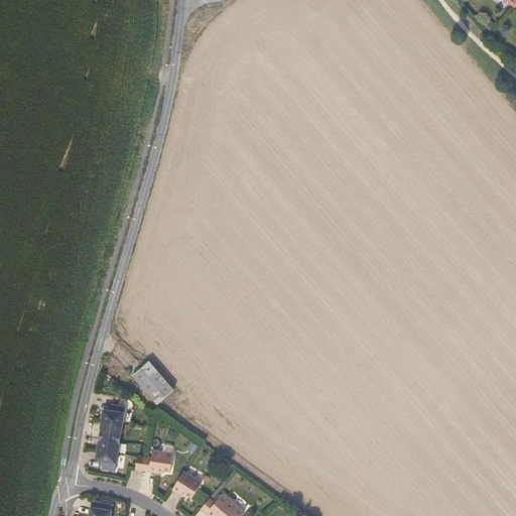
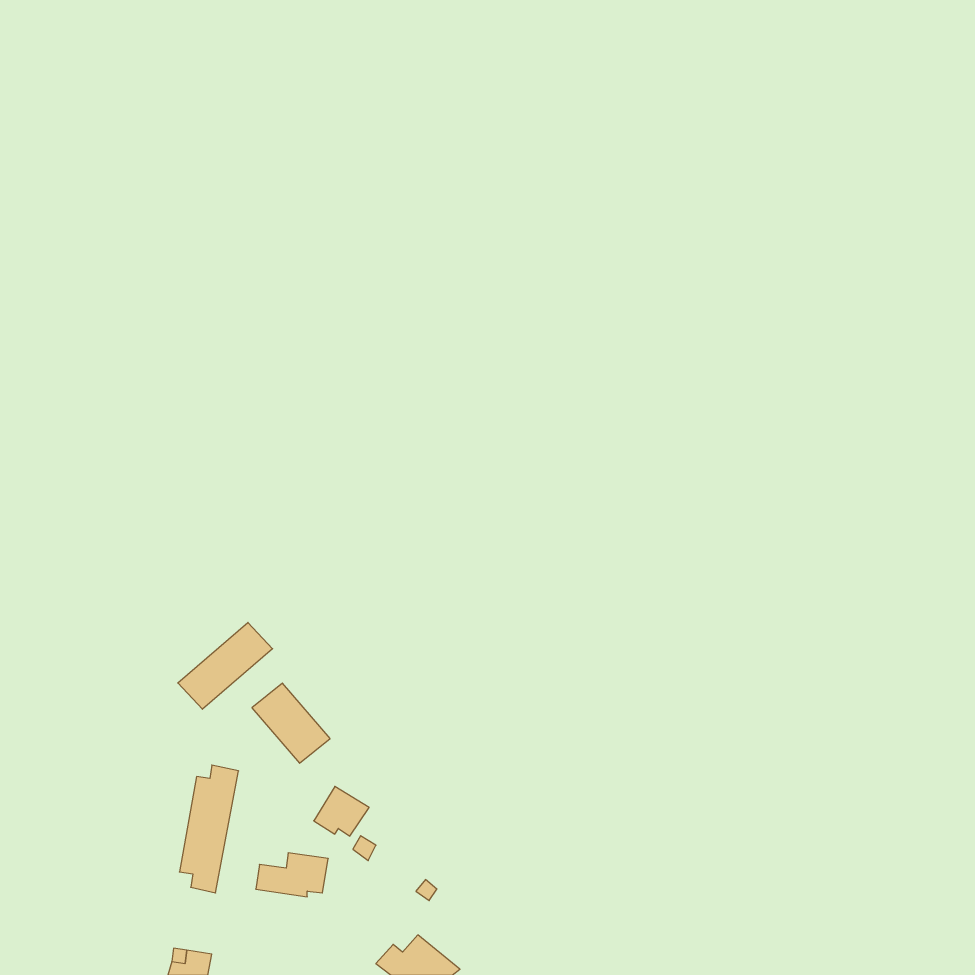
building: none -> [178,622,273,709]
building: [172,472,202,498] -> [314,786,369,836]

